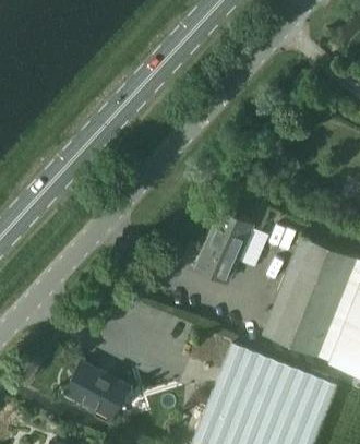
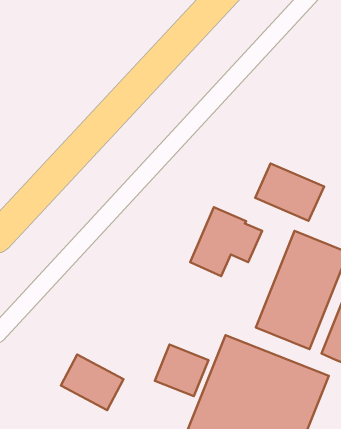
building: none -> [255,163,324,221]
building: none -> [155,345,209,396]

